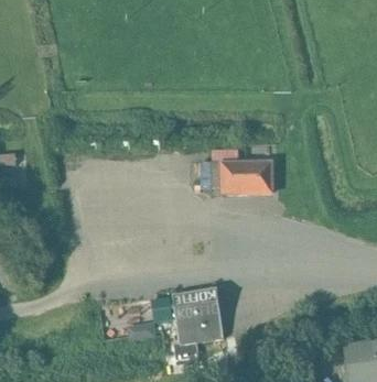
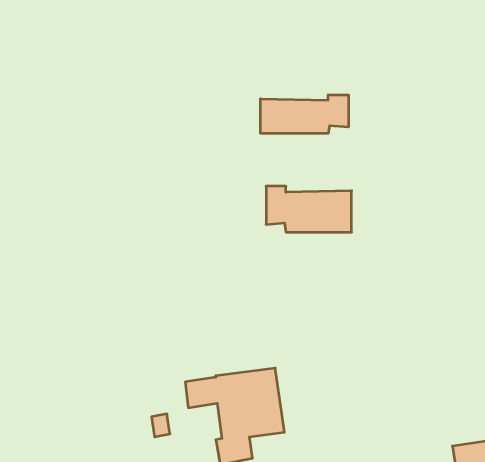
building: none -> [261,95,348,133]

